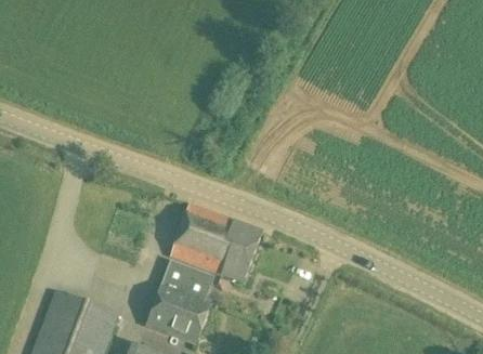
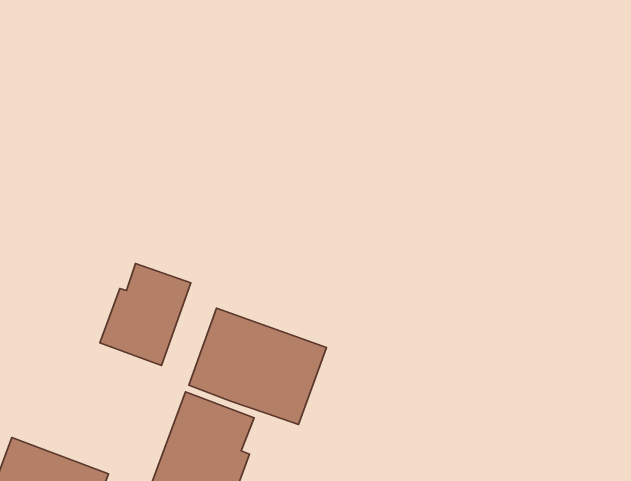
building: none -> [100,263,191,365]

